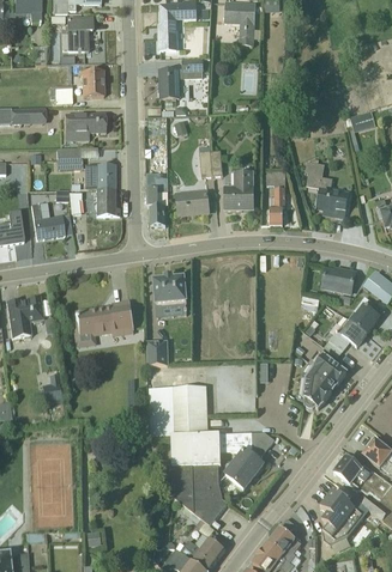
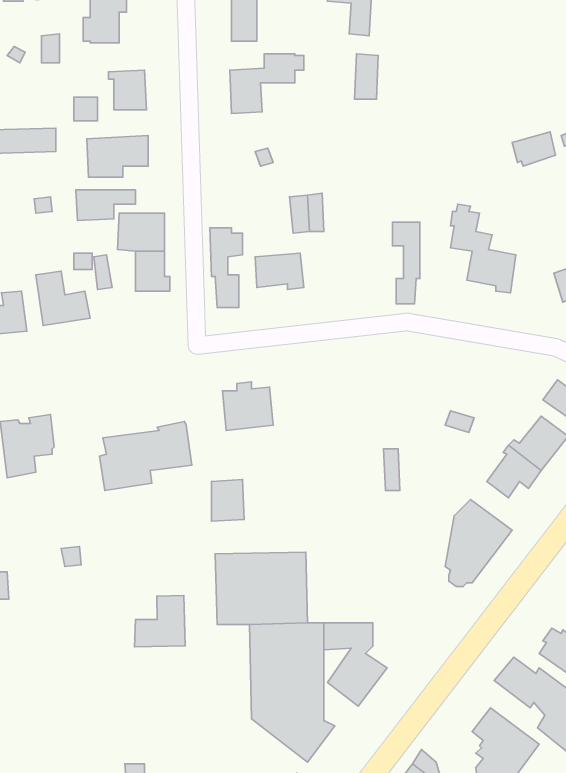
building: [224,171,254,211] -> none
building: [322,268,355,294] -> none
building: none -> [135,595,185,647]

